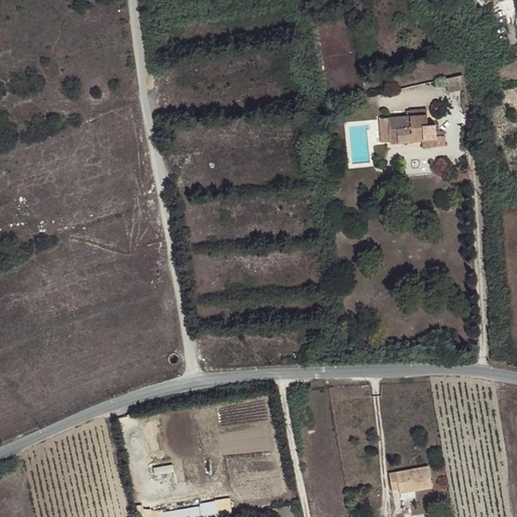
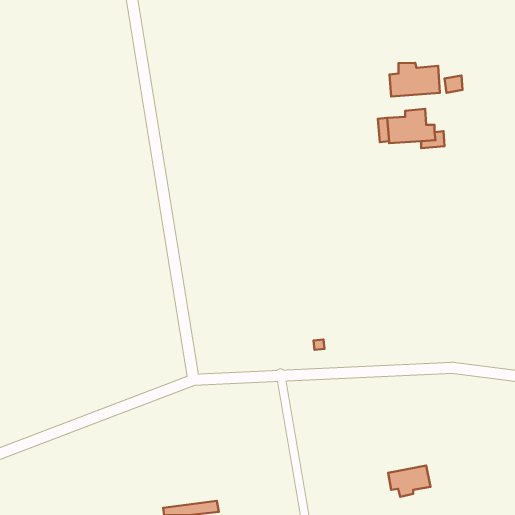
building: none -> [390,63,440,96]

